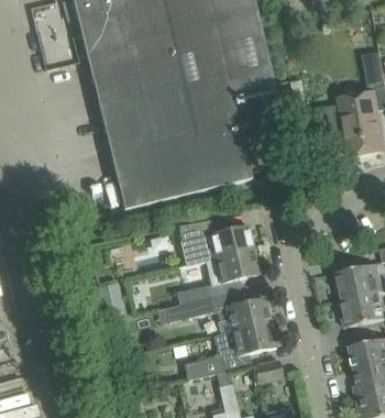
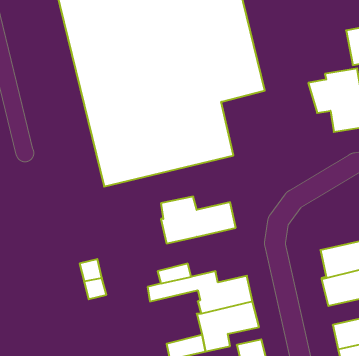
building: [208,250,258,286] -> none

